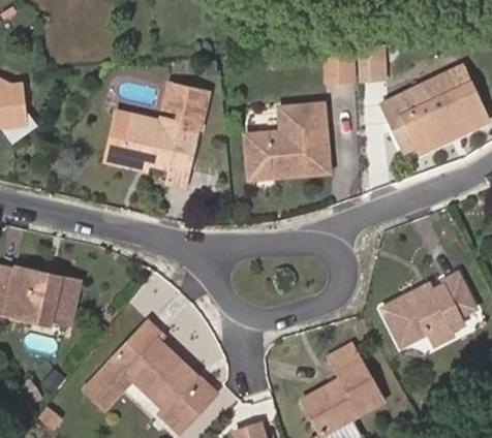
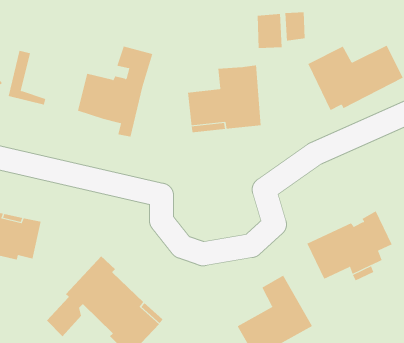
building: [421,64,470,102] -> none
building: [105,112,149,174] -> [8,50,46,105]

